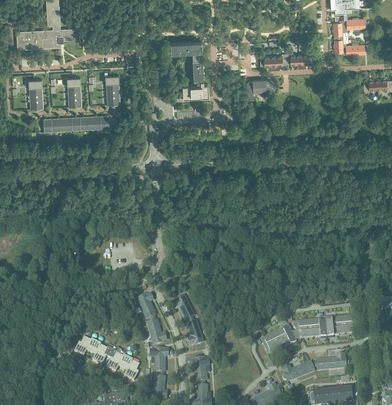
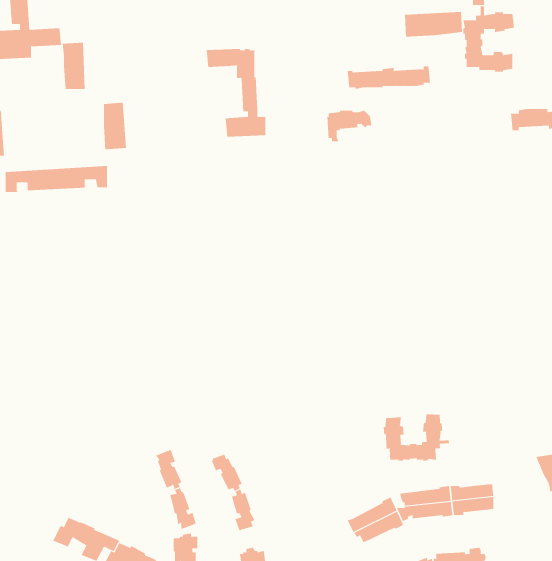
building: none -> [404,11,463,37]
building: [66,76,81,106] -> [62,42,85,90]
building: none -> [383,414,450,462]

